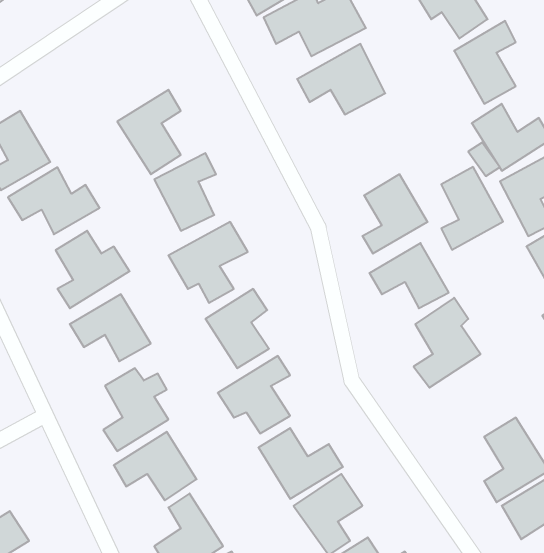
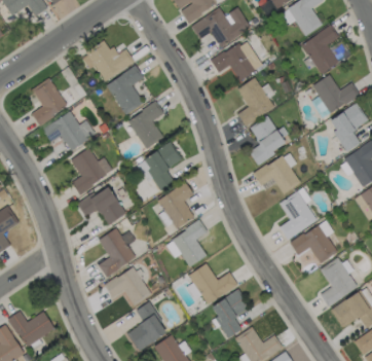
building: none -> [81,41,134,81]
building: [441,167,503,250] -> [237,77,273,125]
building: none -> [290,220,337,262]

